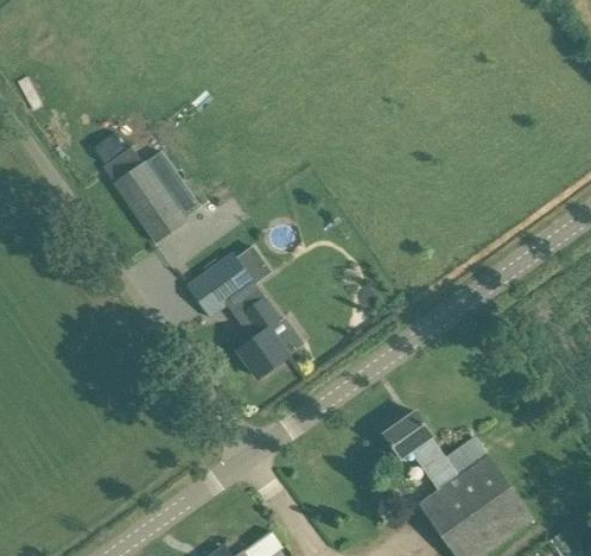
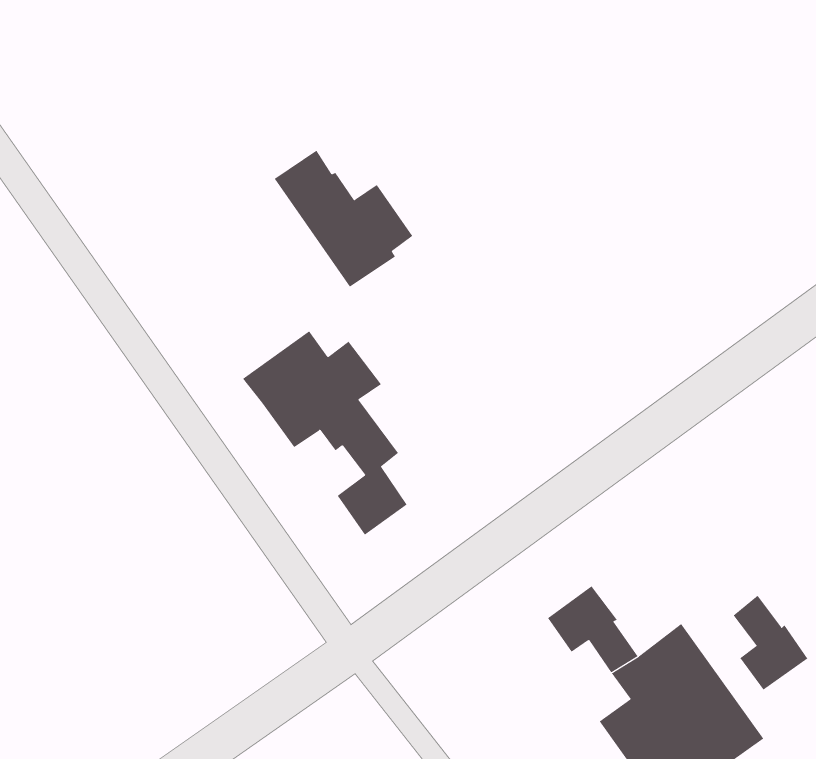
building: [102,147,198,242] -> [274,150,413,287]
building: none -> [733,595,808,690]

